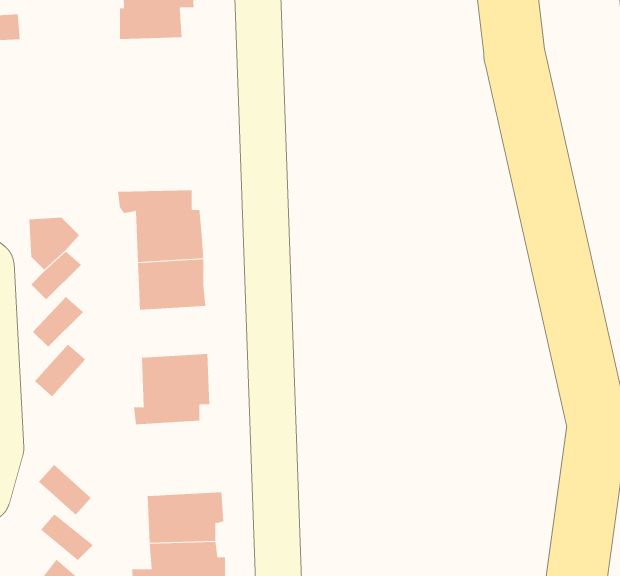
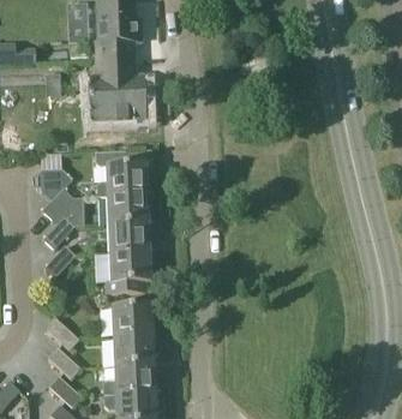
building: none -> [91,59,145,119]
building: none -> [108,222,150,253]
building: none -> [112,305,158,337]

